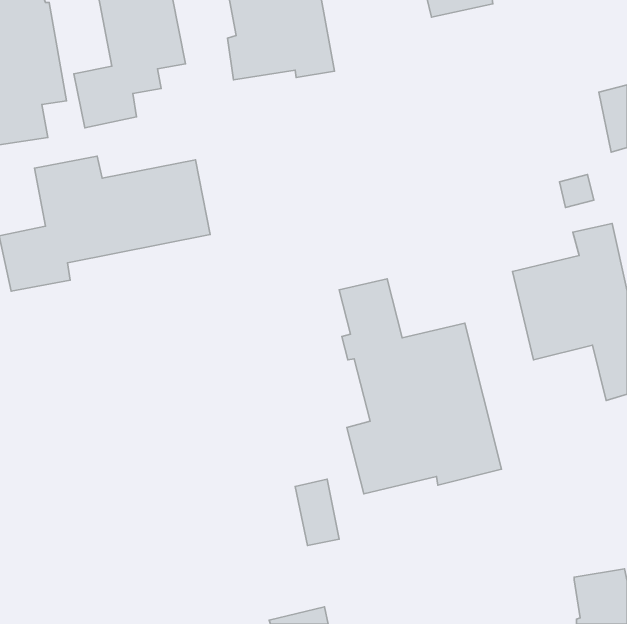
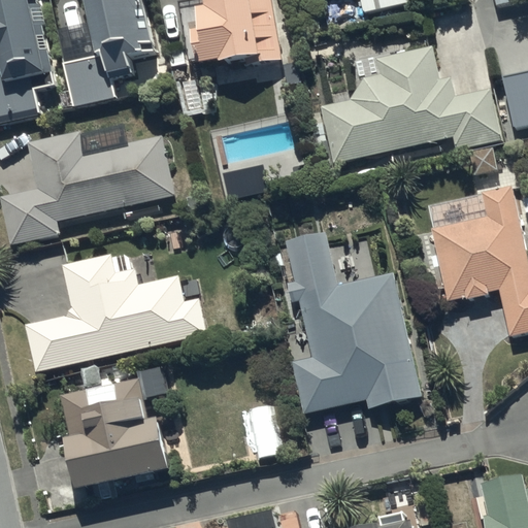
building: none -> [320,45,502,163]
building: none -> [24,254,208,371]
building: none -> [60,378,167,491]

